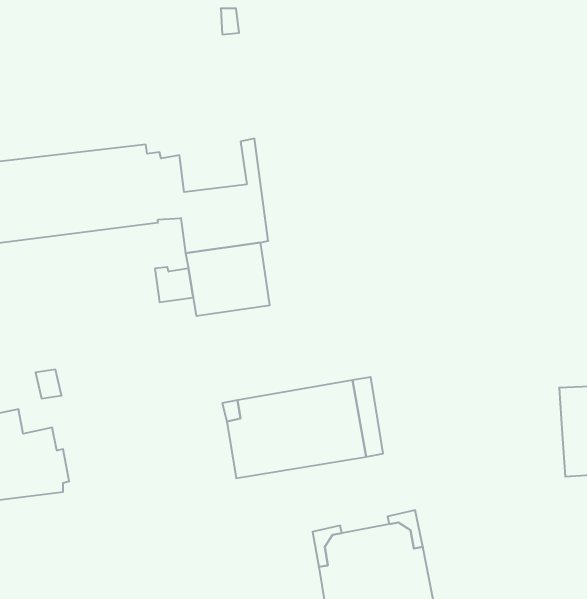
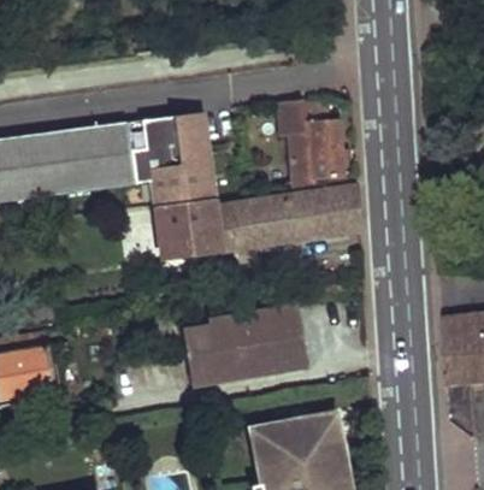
building: none -> [289,101,343,189]
building: none -> [118,112,203,161]
building: none -> [209,187,360,250]

